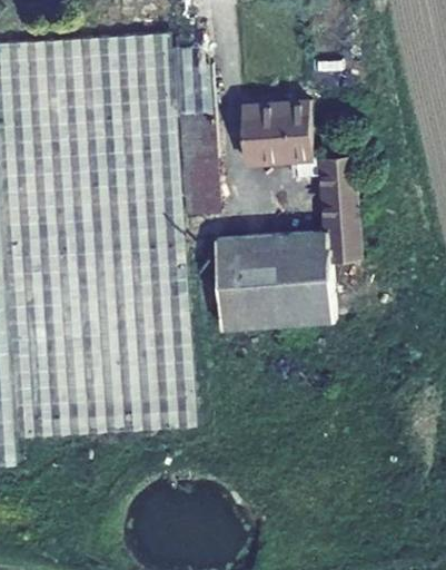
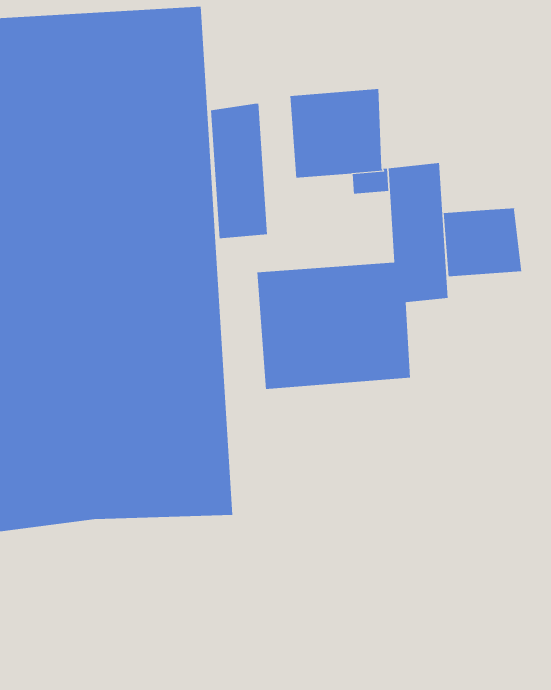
building: [175,45,214,115] -> none
building: none -> [443,208,522,277]

